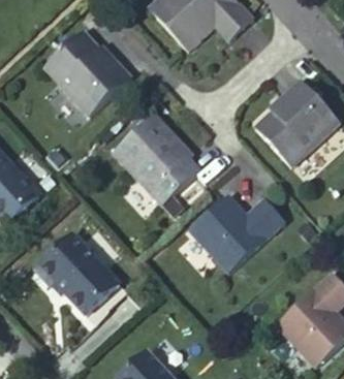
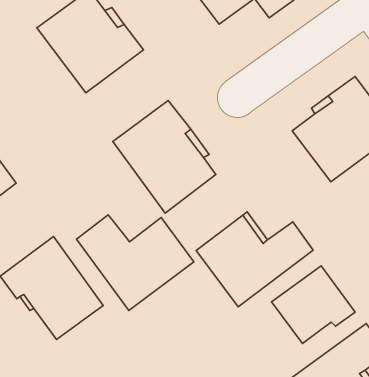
building: none -> [76,215,194,311]
building: none -> [272,266,355,343]

